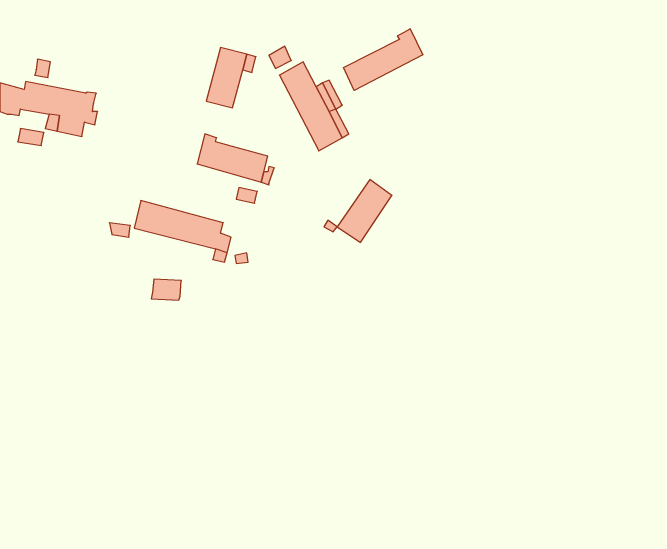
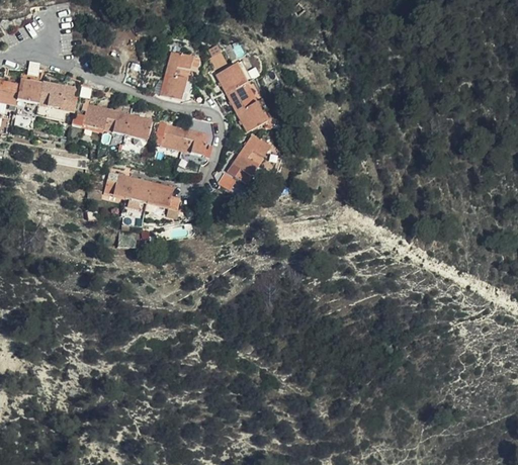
building: [343,29,423,90] -> none
building: none -> [71,103,151,141]
building: [337,180,392,242] -> [227,134,269,183]

